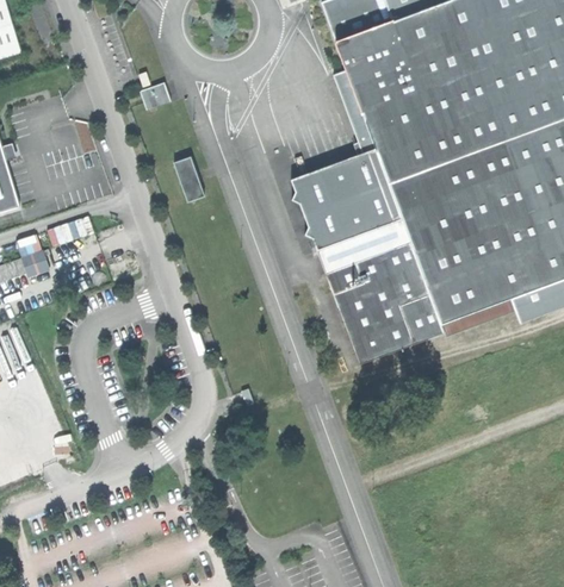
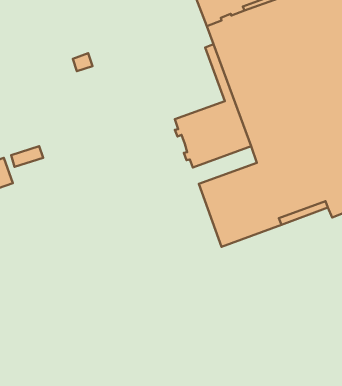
building: [175,158,206,202] -> none
building: [315,217,408,271] -> none

